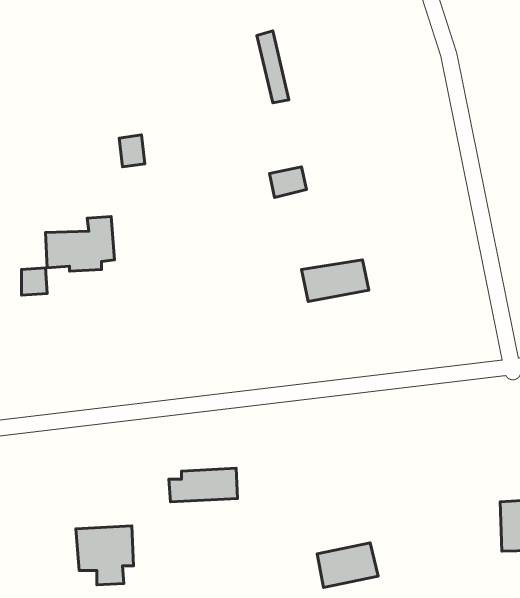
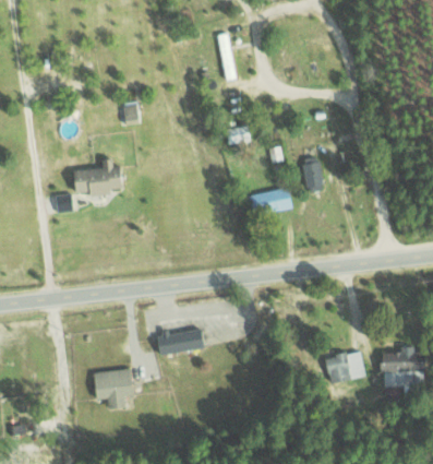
building: none -> [303,157,322,188]
building: [317,543,378,588] -> [324,350,365,381]

